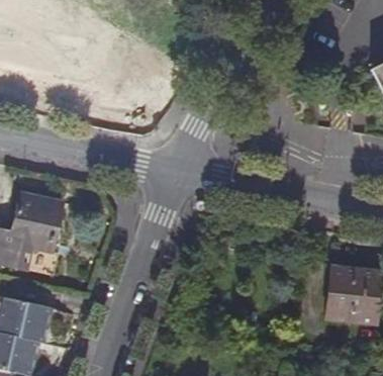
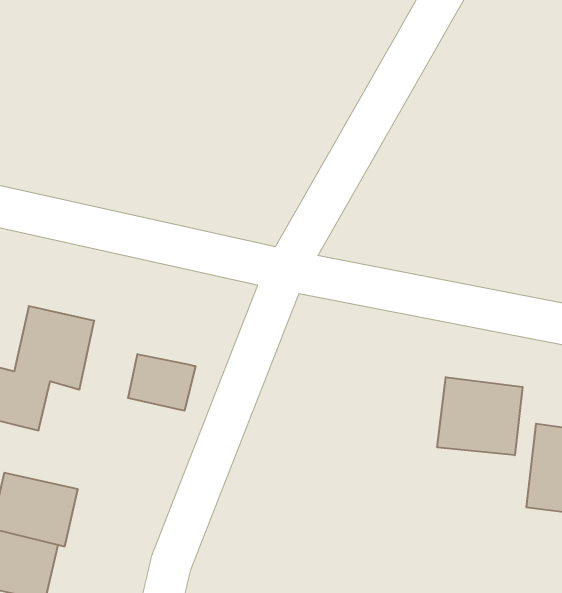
building: none -> [128,354,195,411]
building: none -> [437,377,523,455]

